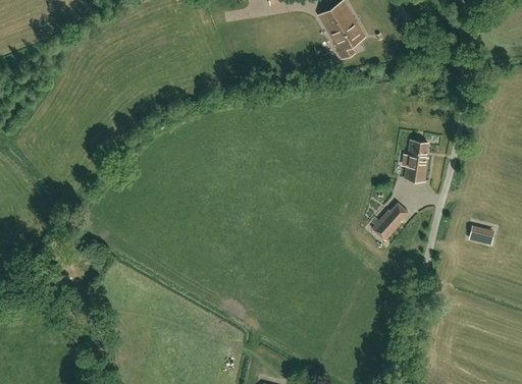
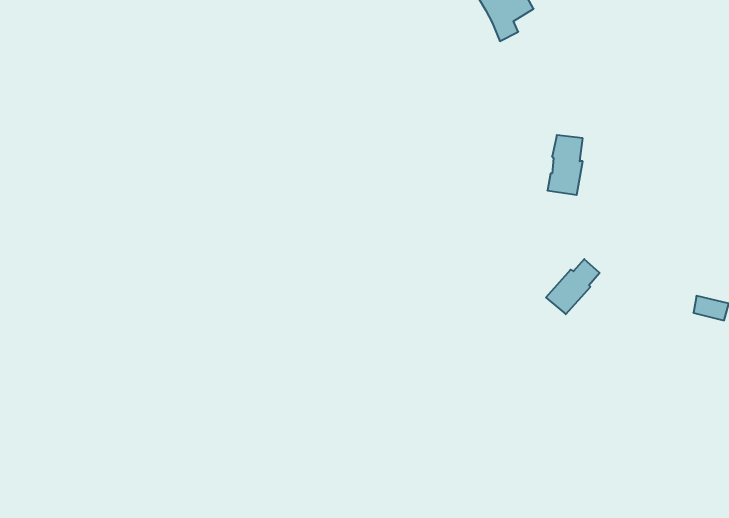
building: [405,141,428,180] -> [547,135,583,195]

